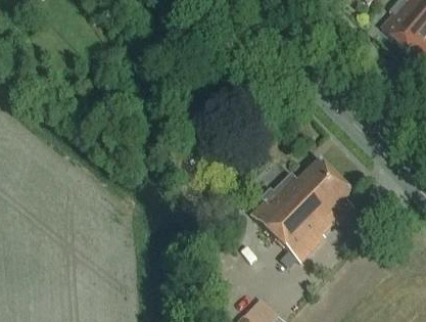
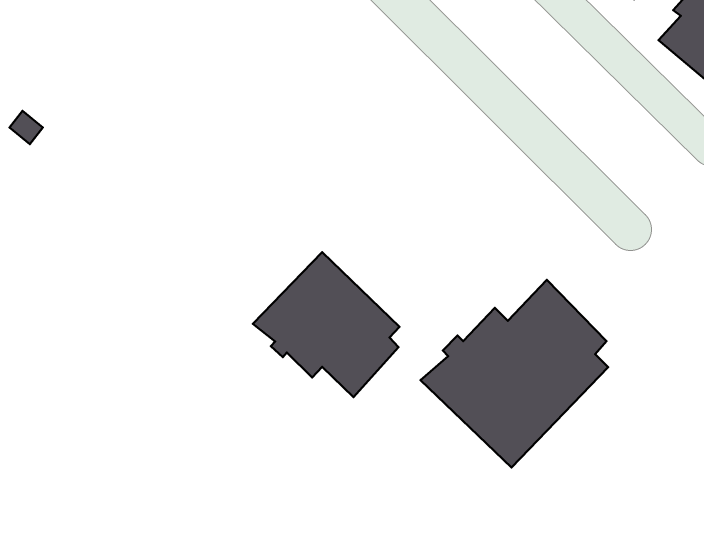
building: none -> [253,252,399,397]

